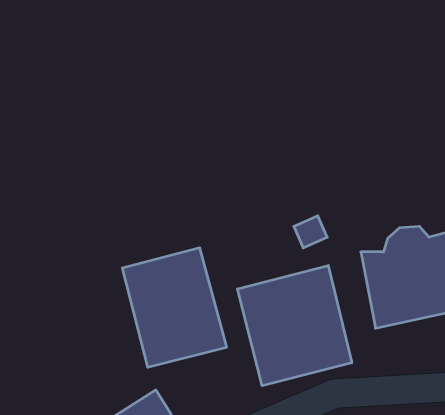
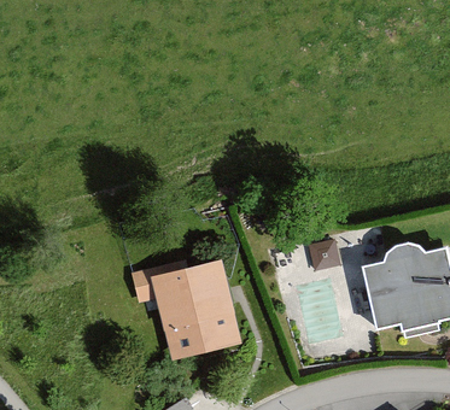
building: [237,265,352,386] -> none

